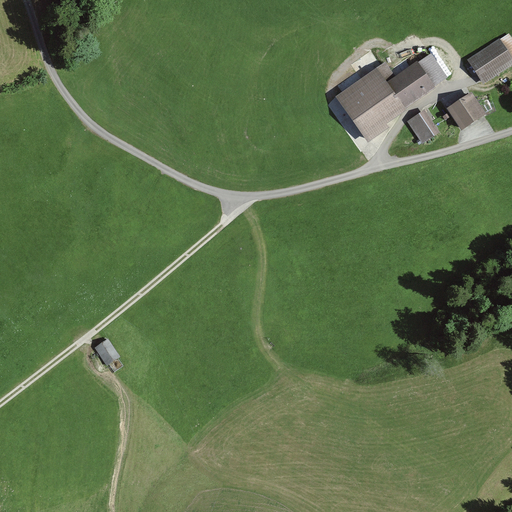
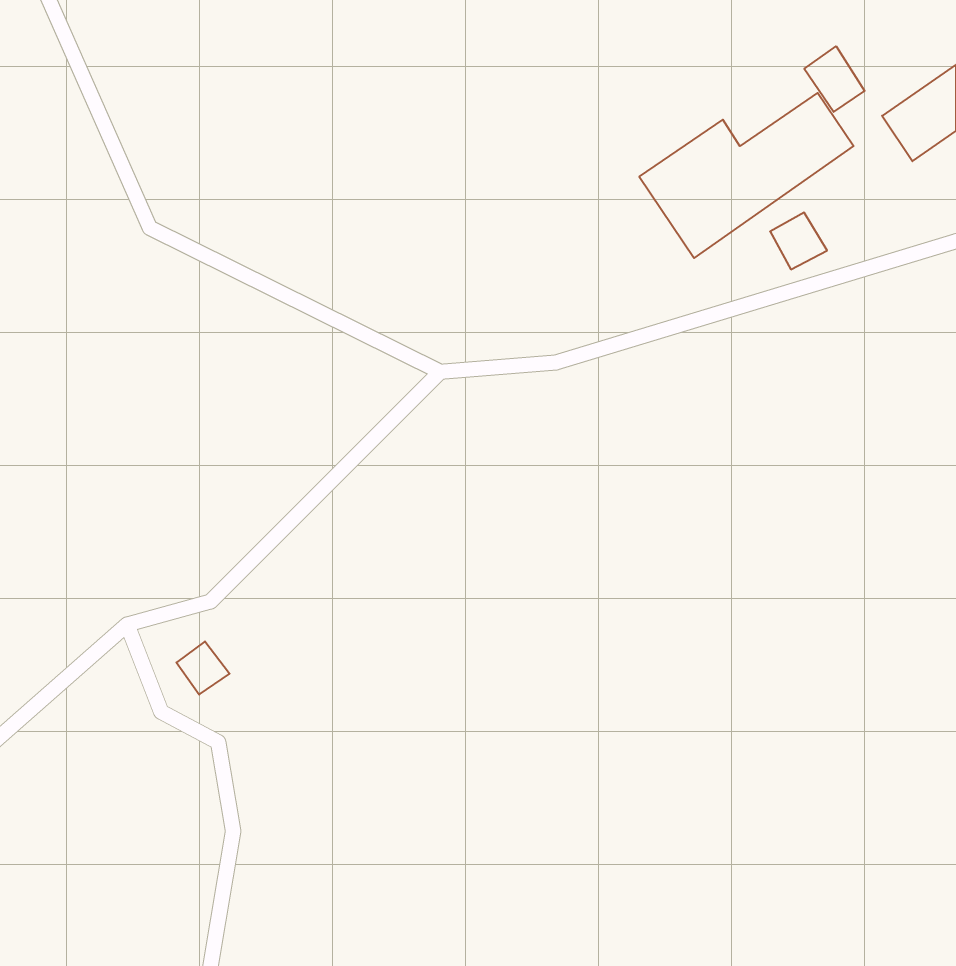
building: none -> [804,46,865,112]
building: [447,92,485,130] -> none

